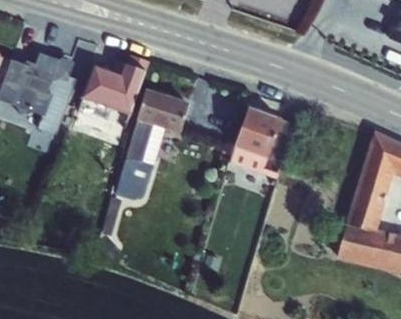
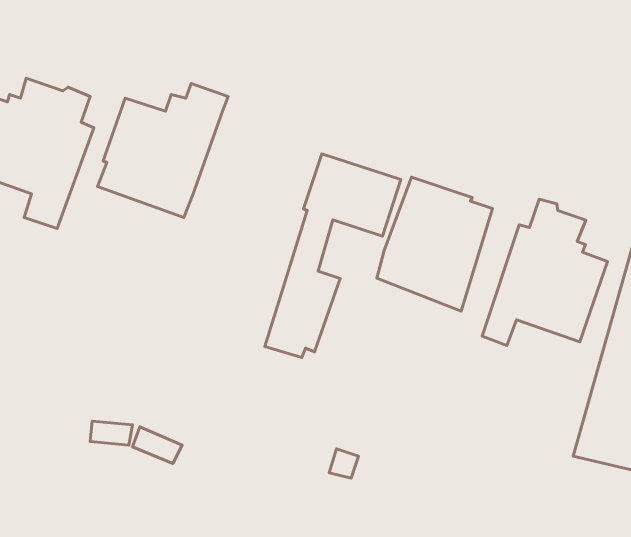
building: [115,88,189,199] -> [265,154,401,357]
building: none -> [482,199,607,345]

